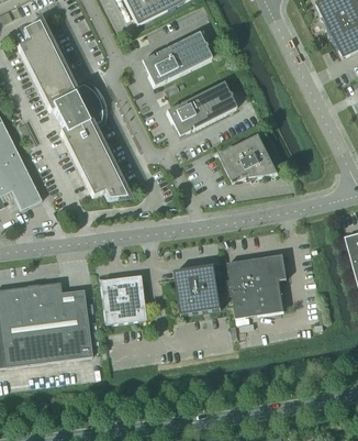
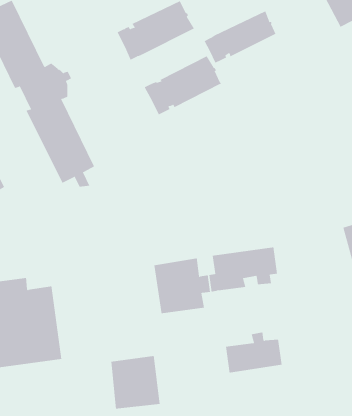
building: none -> [204,10,276,64]
building: [219,134,278,180] -> none
building: [100,275,145,323] -> [110,355,160,409]
building: [233,280,284,318] -> [225,332,283,373]

